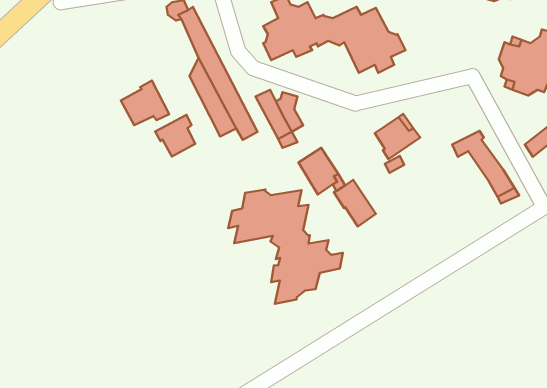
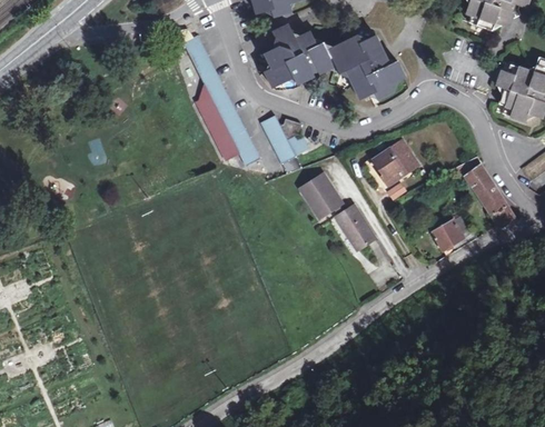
building: [121,81,169,125] -> none
building: [155,115,195,156] -> none
building: [228,189,343,304] -> none
building: none -> [432,217,470,250]

